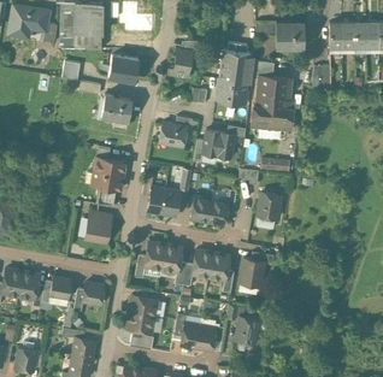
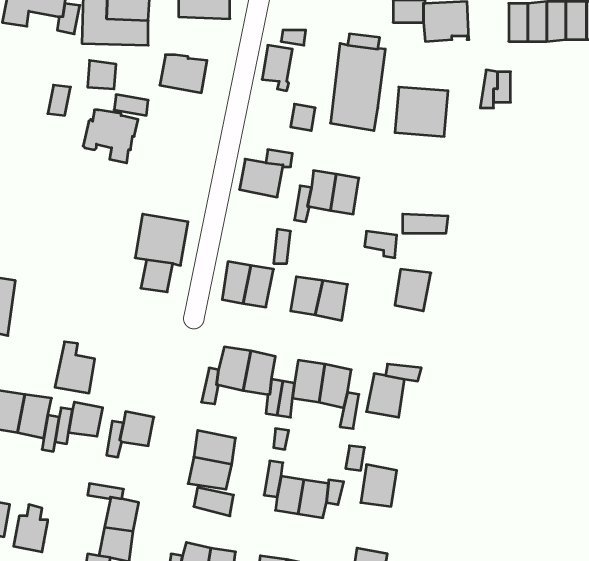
building: [98,94,132,128] -> [83,110,138,163]
building: [253,105,291,130] -> none
building: [86,210,111,242] -> [55,342,95,393]

